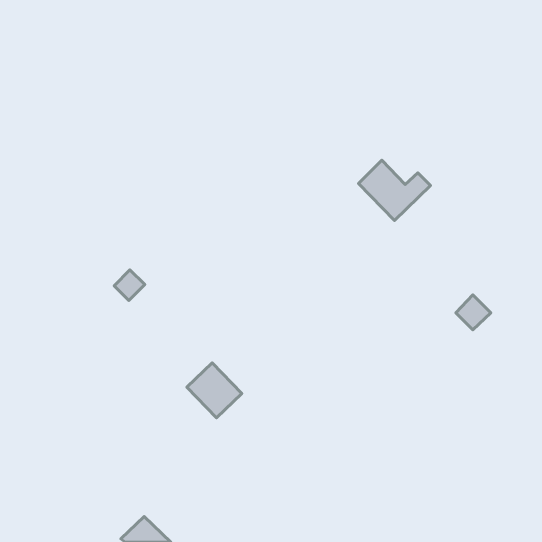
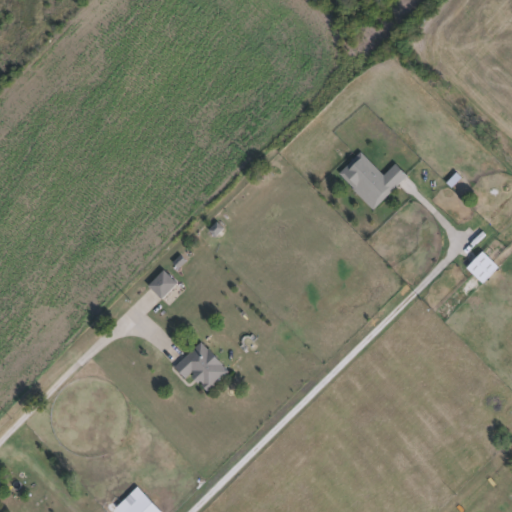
building: [114,270,145,301] -> [147,269,176,298]
building: [456,295,491,330] -> [465,250,498,283]

